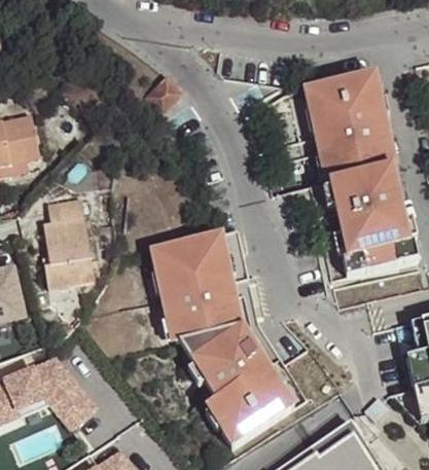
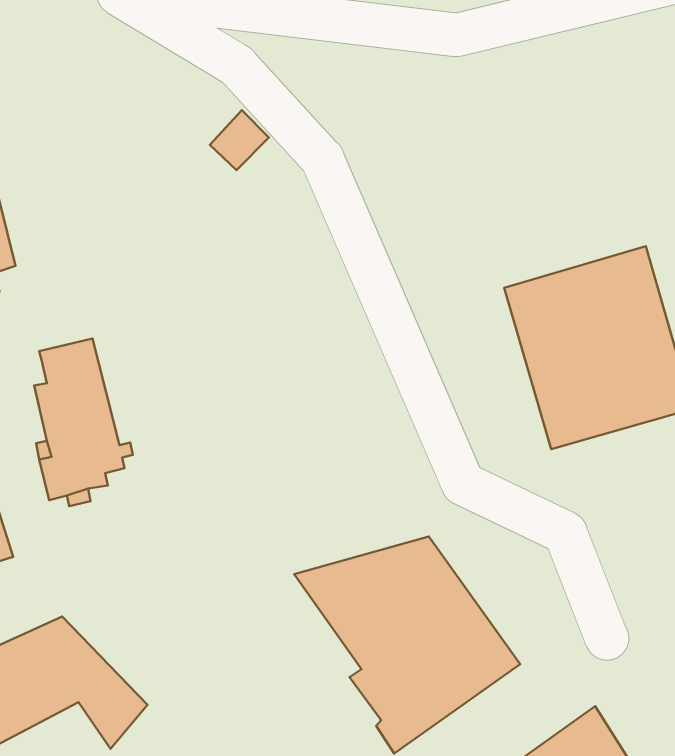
building: [294,73,396,186] -> none
building: [153,231,261,341] -> none

